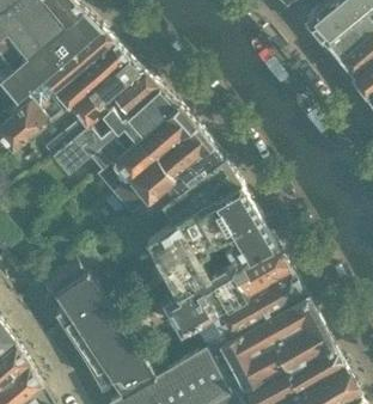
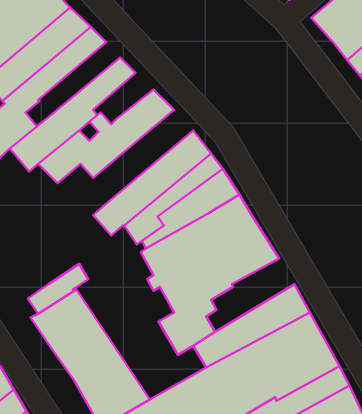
building: [53,43,129,111] -> none
building: [104,72,160,115] -> none
building: [98,106,197,195] -> none
building: [209,245,292,313] -> none

